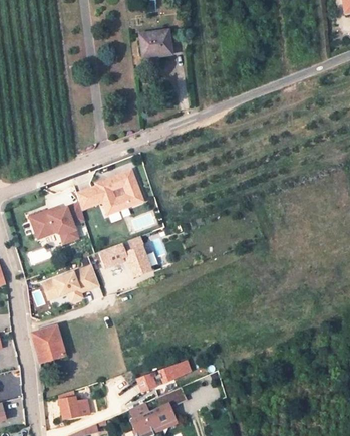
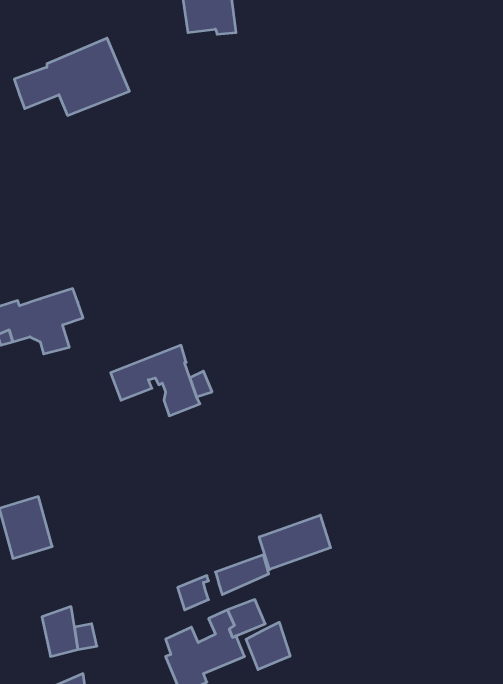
building: [73,171,140,216] -> [14,38,129,115]
building: [42,266,99,302] -> none
building: none -> [259,515,331,570]
building: none -> [246,622,290,670]

